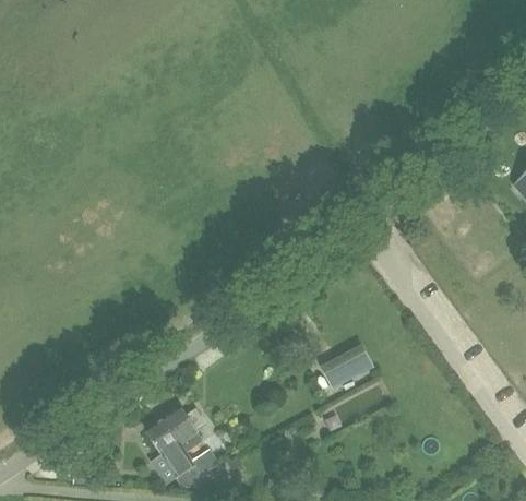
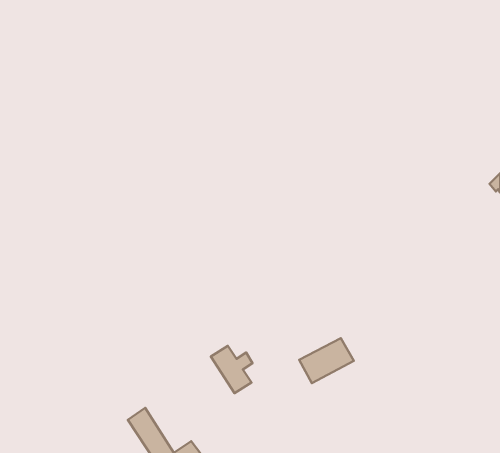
building: [162,405,204,453] -> [211,346,253,393]

